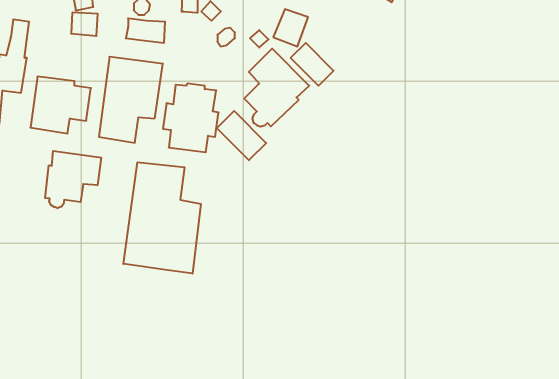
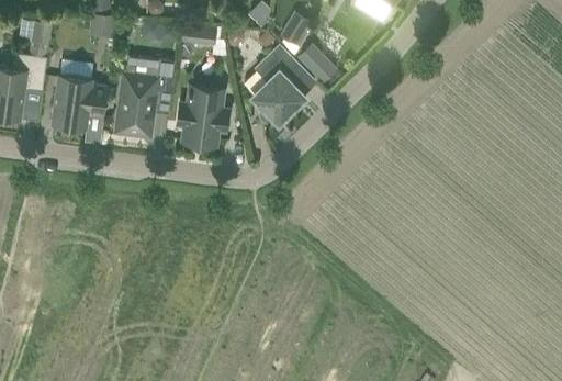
building: none -> [180,23,216,44]
building: [217,111,266,160] -> none
building: [45,151,101,208] -> none
building: [123,162,201,274] -> none

